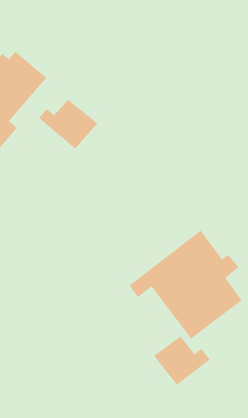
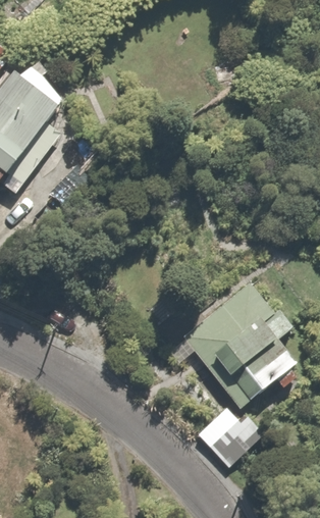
building: [38,99,98,150] -> none

